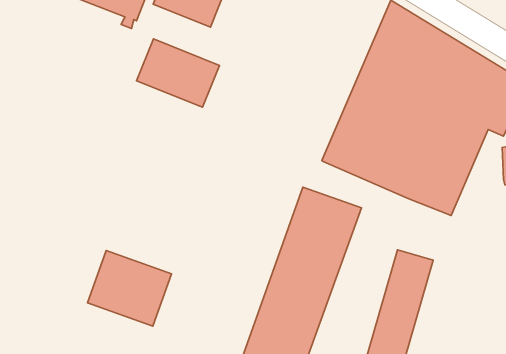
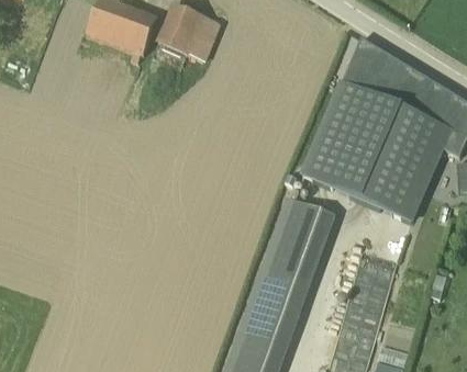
building: [137,39,220,107] -> none
building: [87,250,172,326] -> none

